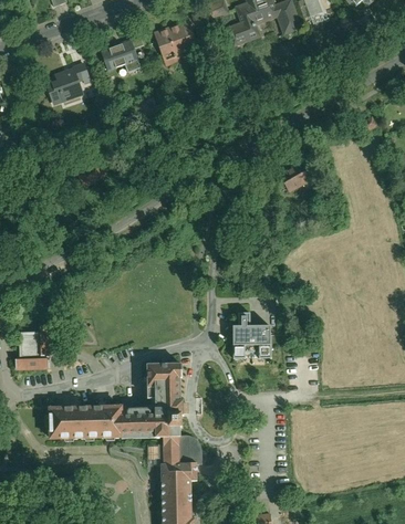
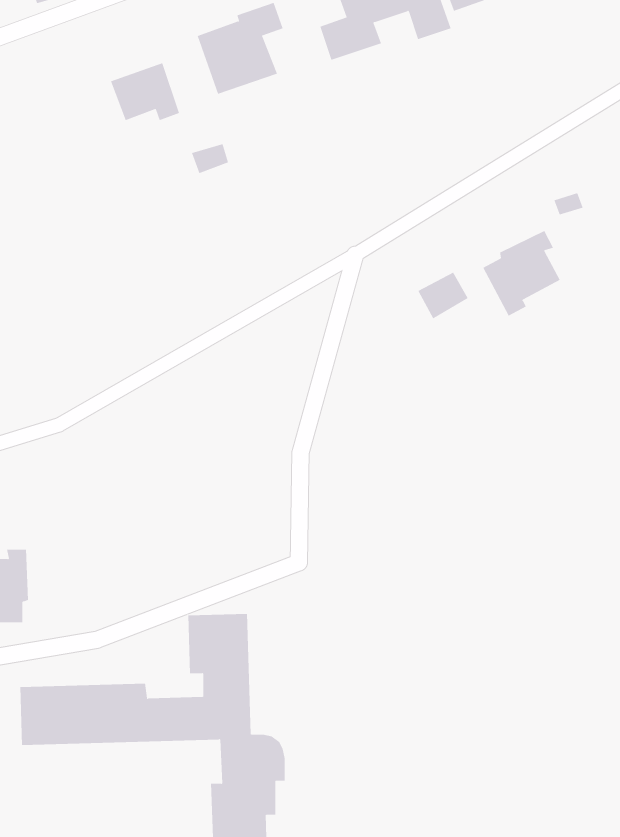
building: [45,57,91,101] -> none
building: none -> [482,230,561,316]
building: [236,315,273,360] -> none

